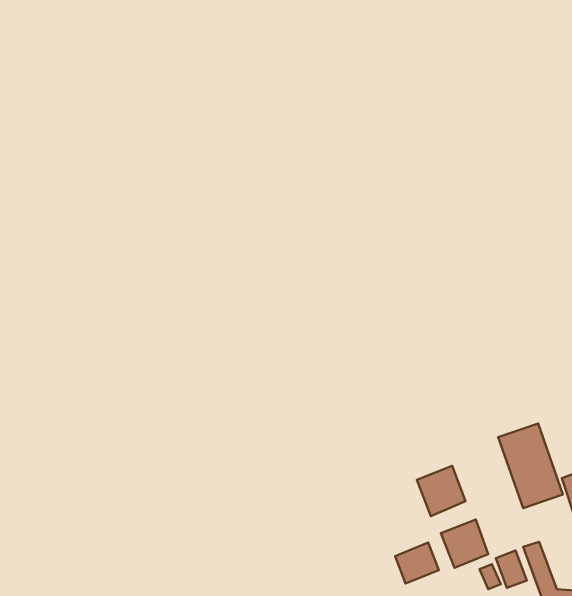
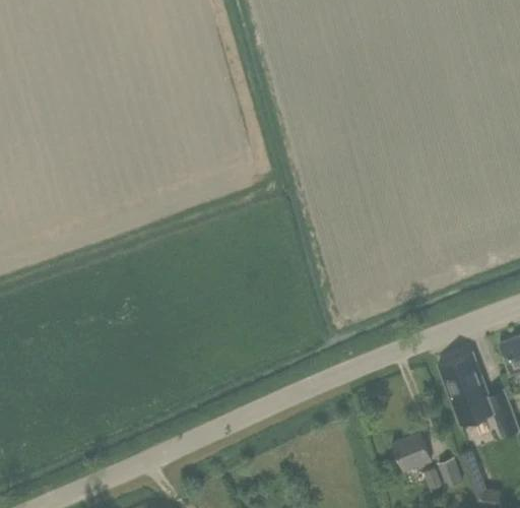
building: [417,466,466,516] -> none
building: [395,542,439,583] -> none

